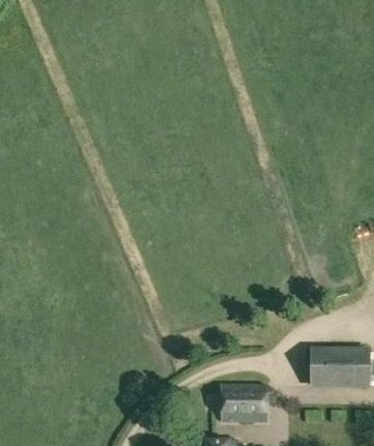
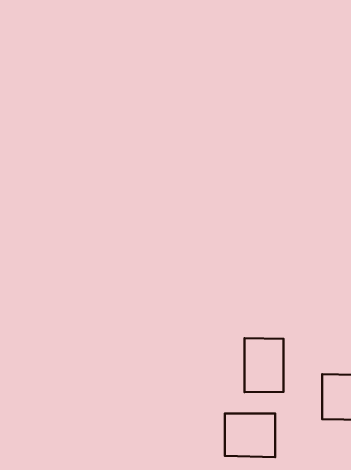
building: none -> [245,338,283,392]

